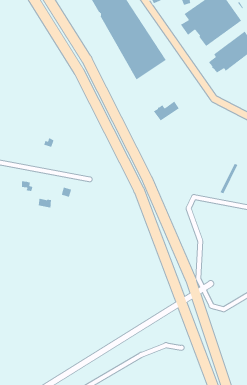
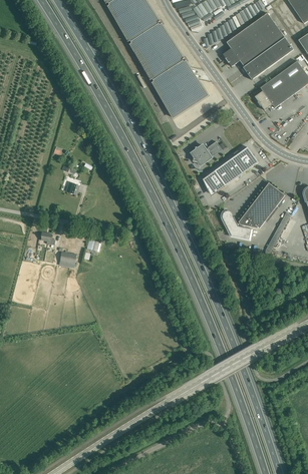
building: none -> [203,146,259,195]
building: none -> [223,182,285,239]

